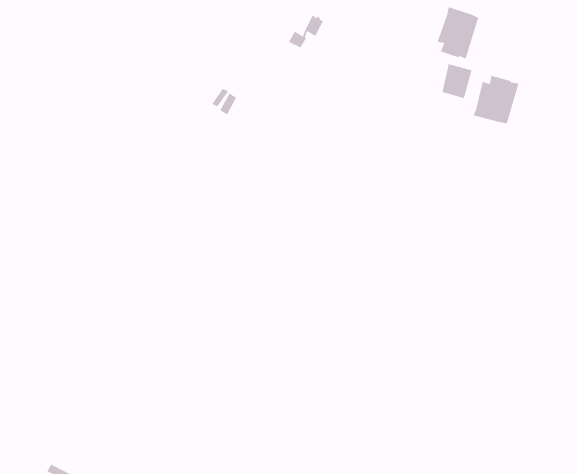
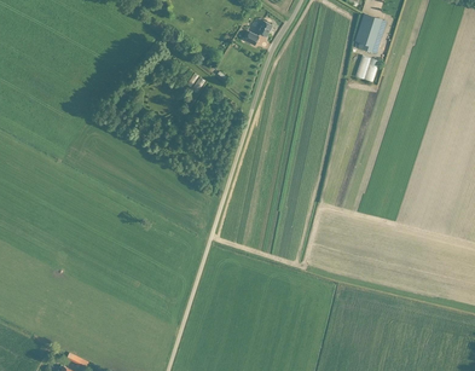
building: [472,75,519,124] -> none

